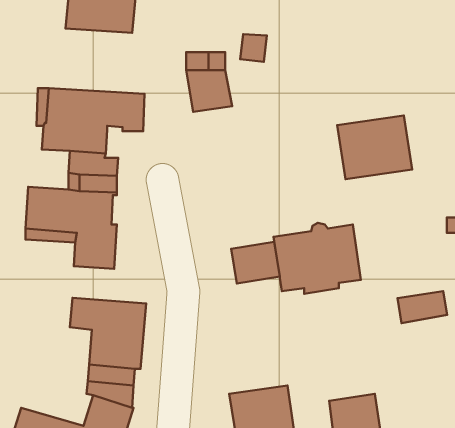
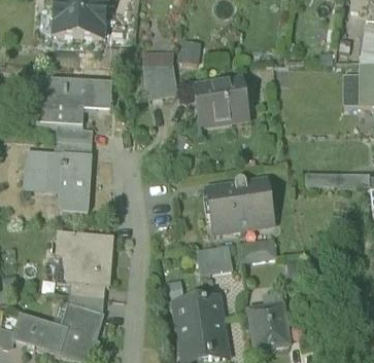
building: [337,115,412,179] -> [193,78,248,125]
building: [231,242,280,284] -> [196,244,232,275]
building: [397,291,447,323] -> [238,238,275,261]

